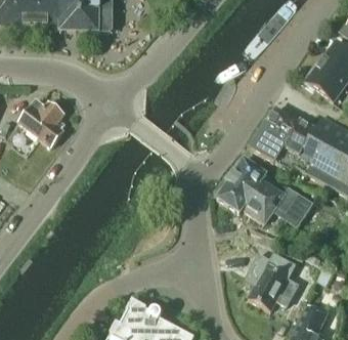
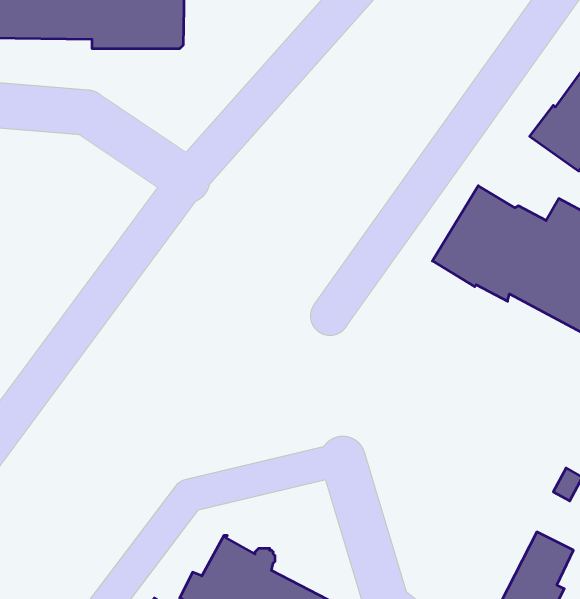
building: [18,97,64,145] -> none
building: [218,158,314,226] -> none
building: [248,266,300,310] -> none

